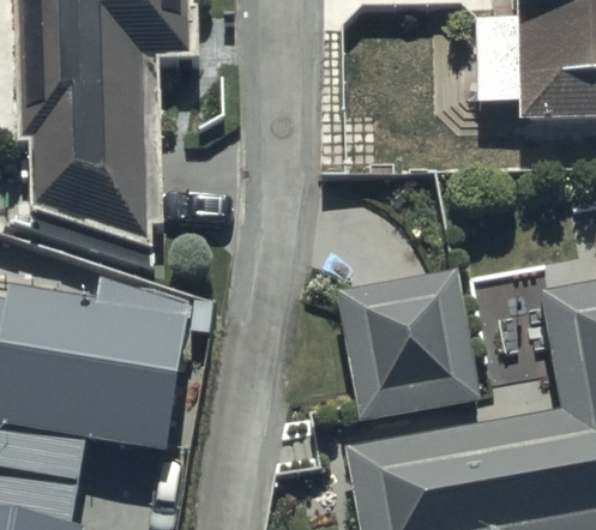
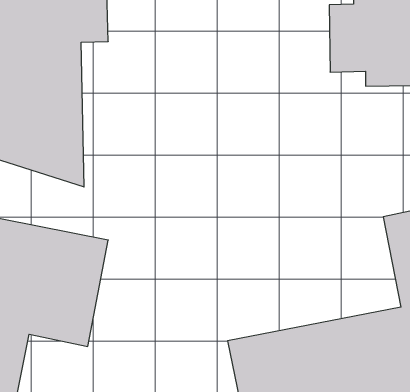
building: [336,270,482,418] -> none

